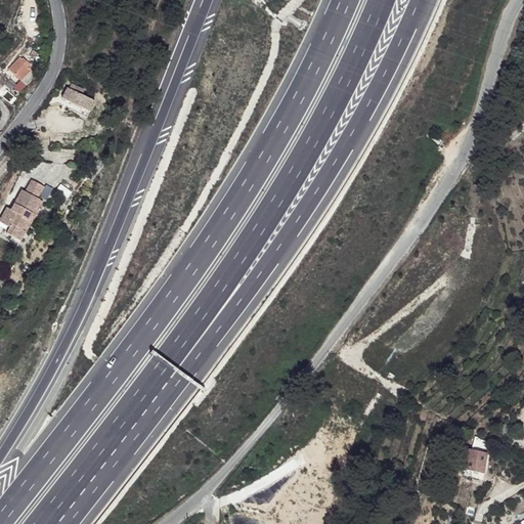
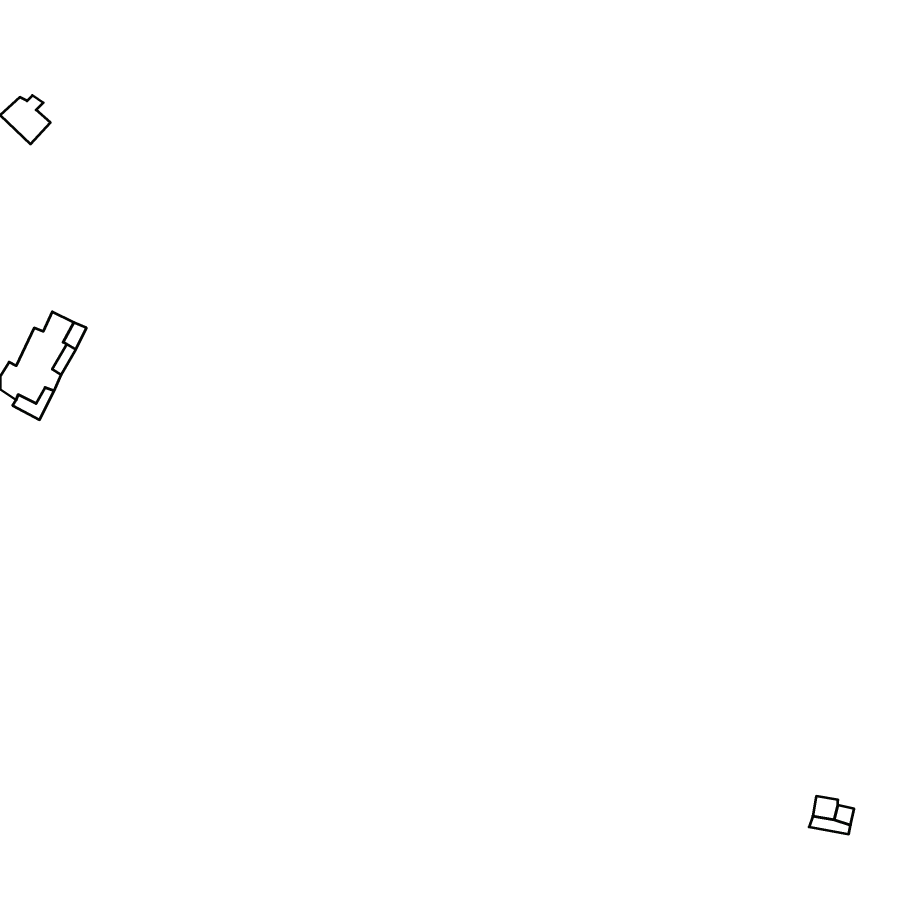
building: [63,81,95,112] -> none

